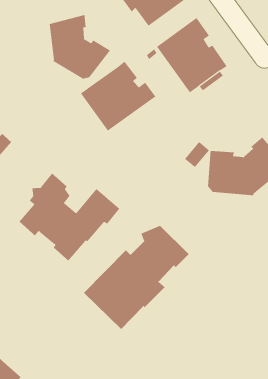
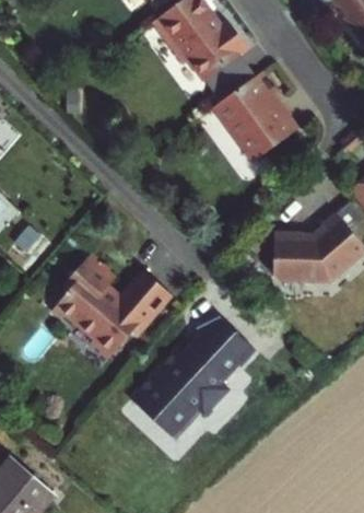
building: [49,14,111,79] -> none
building: [80,61,156,131] -> none

